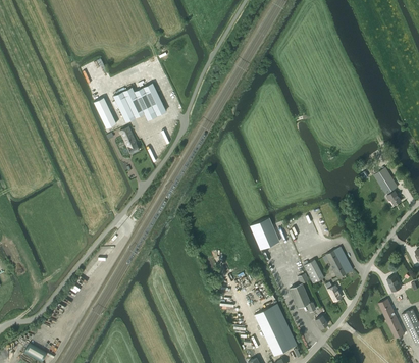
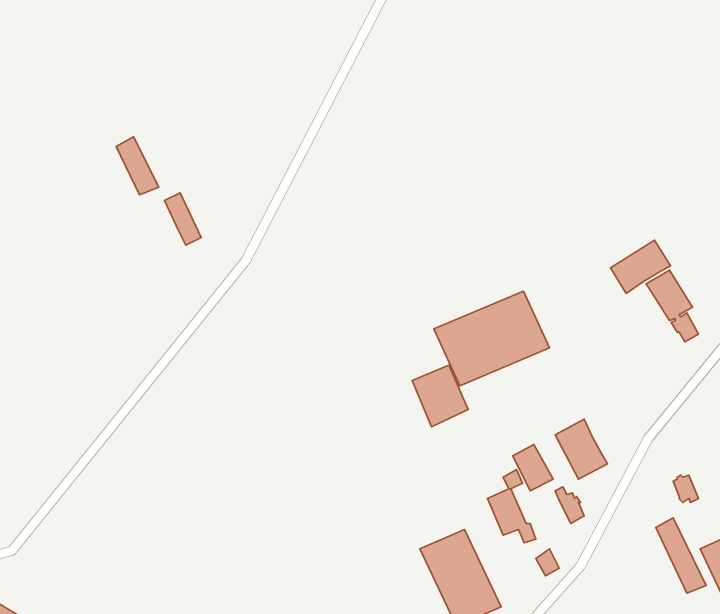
building: [113,83,165,121] -> none
building: none -> [610,240,670,294]
building: none -> [434,291,550,386]

